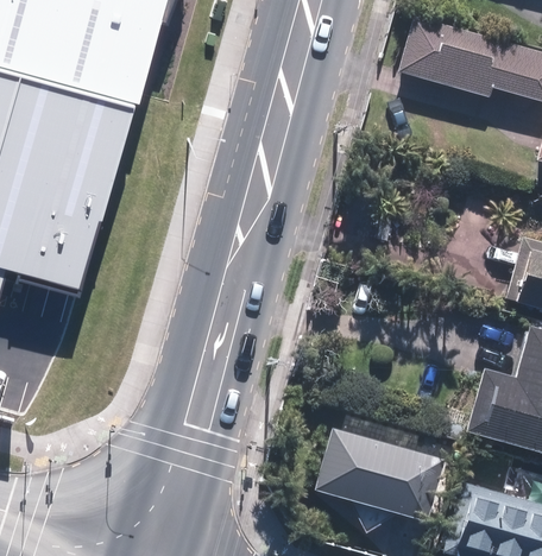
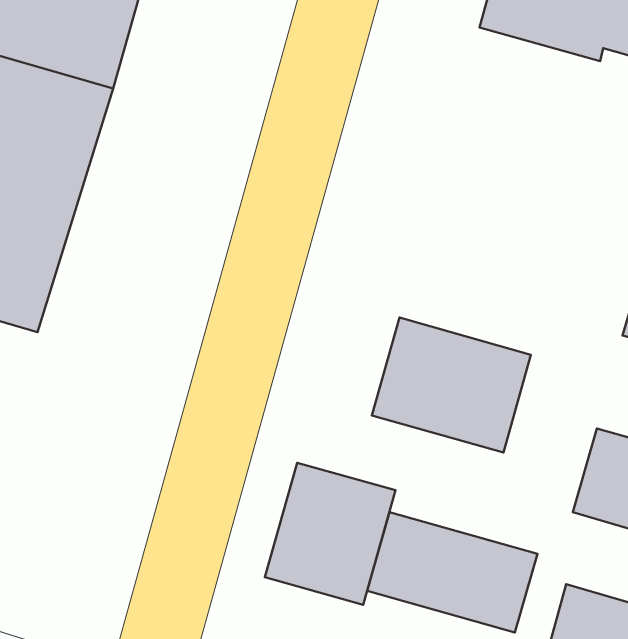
building: none -> [372,318,531,453]
building: none -> [265,463,395,605]

